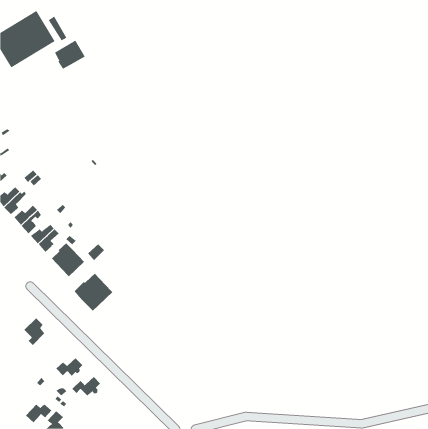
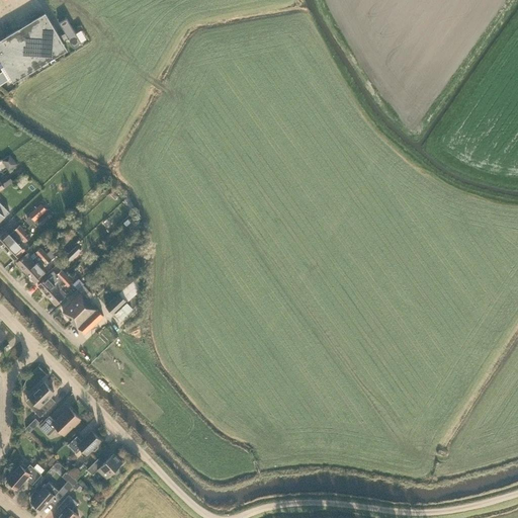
building: [54,40,85,70] -> none
building: [74,273,113,312] -> none
building: none -> [38,408,79,435]
building: none -> [6,464,40,489]

